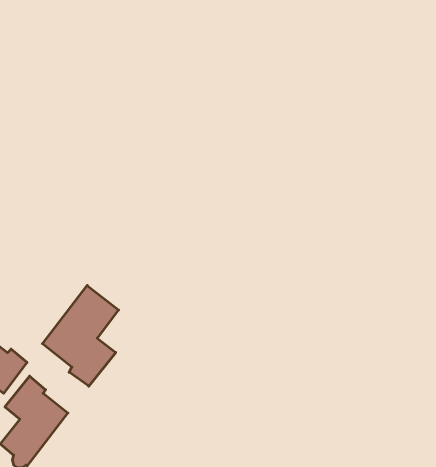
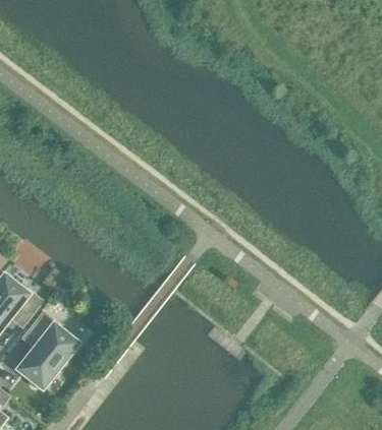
building: [42,285,119,386] -> none

